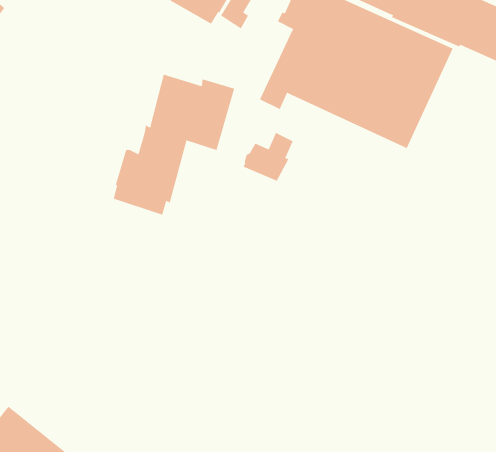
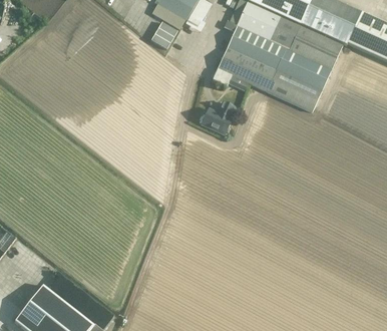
building: none -> [150,21,176,48]
building: [113,74,235,216] -> none

